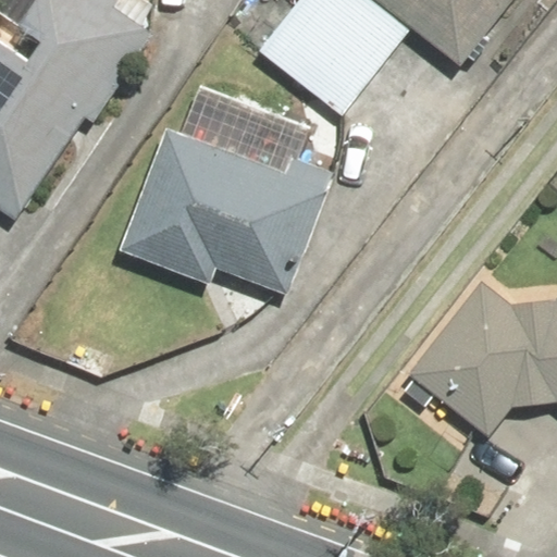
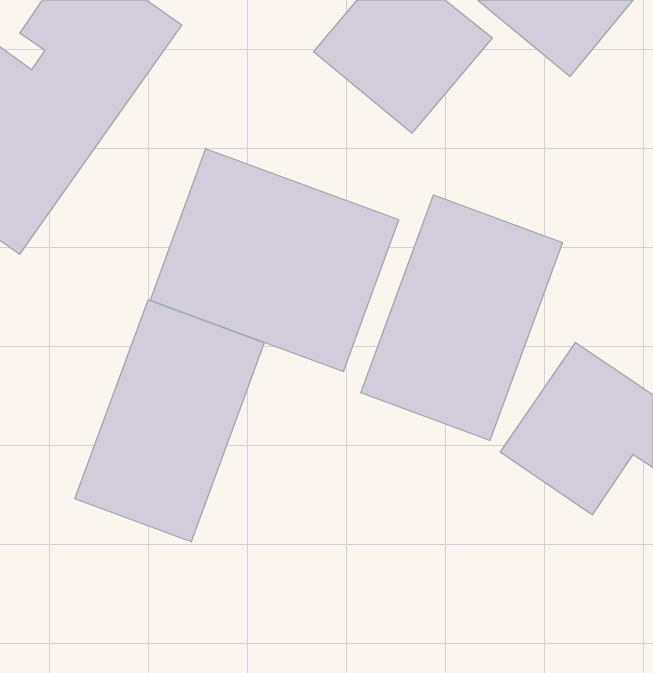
building: none -> [361,195,562,441]
building: none -> [75,300,264,542]

